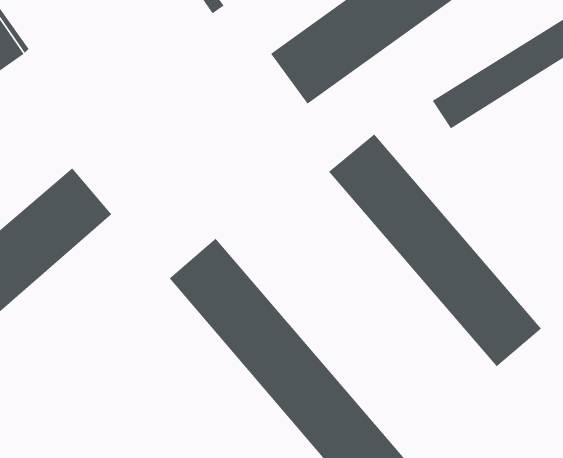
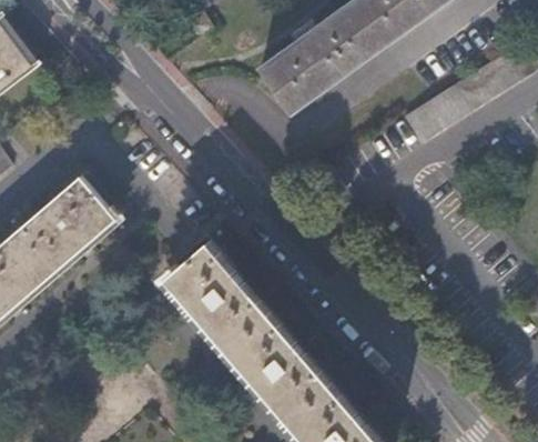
building: [328,133,542,367] -> none

